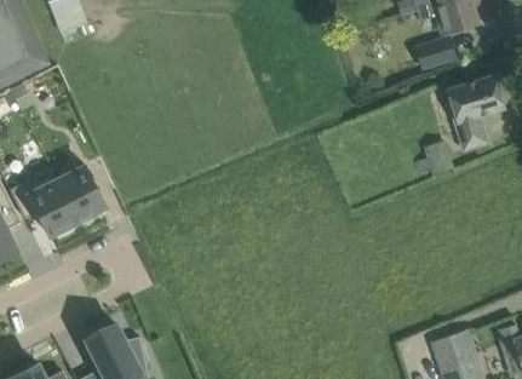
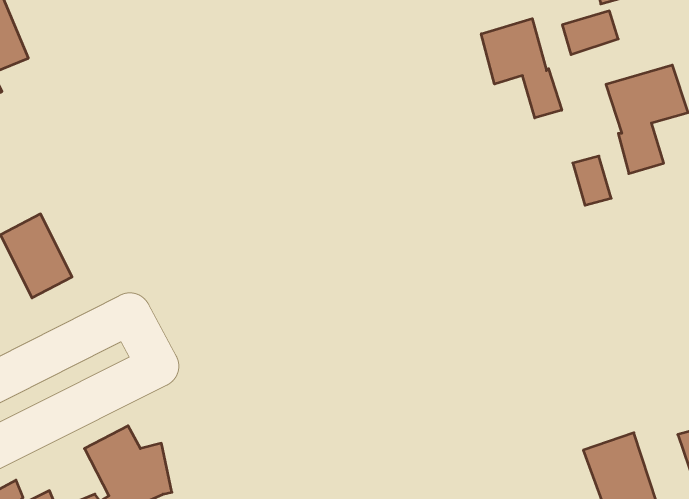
building: none -> [481,19,562,118]
building: [56,165,107,222] -> none

